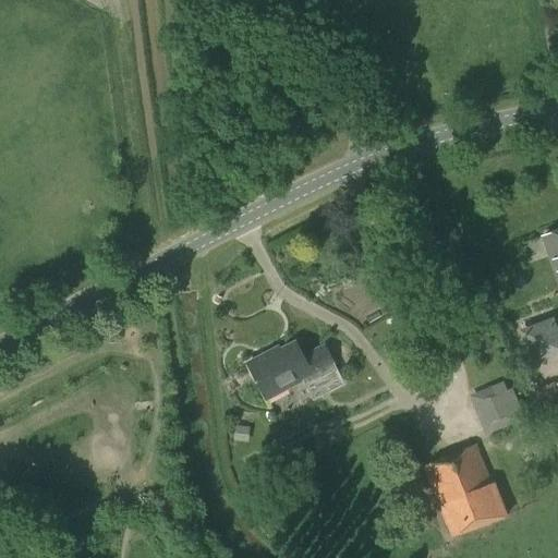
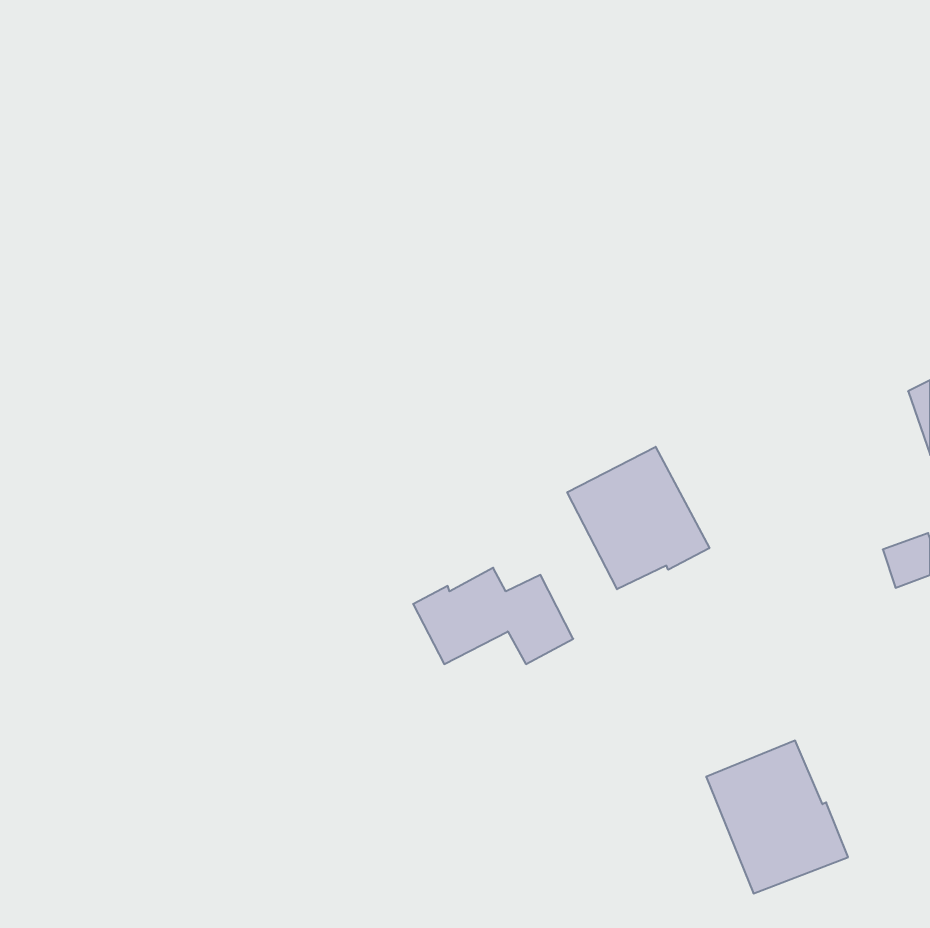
building: none -> [567,447,709,589]
building: [480,389,523,429] -> none

